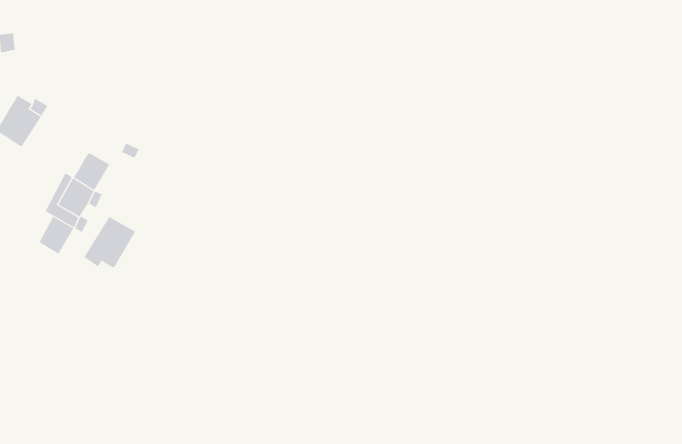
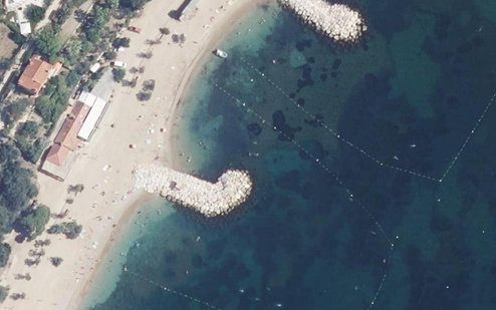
building: [83,216,136,269] -> none

